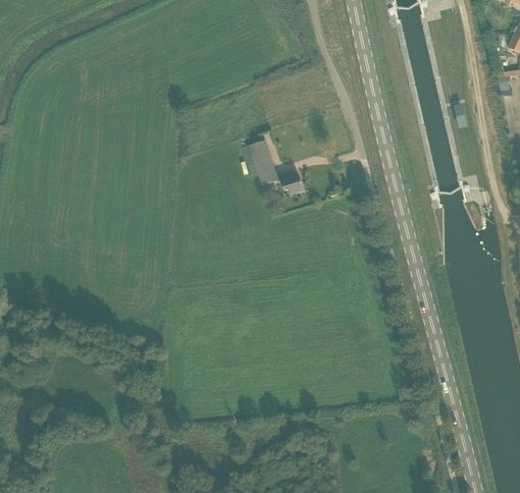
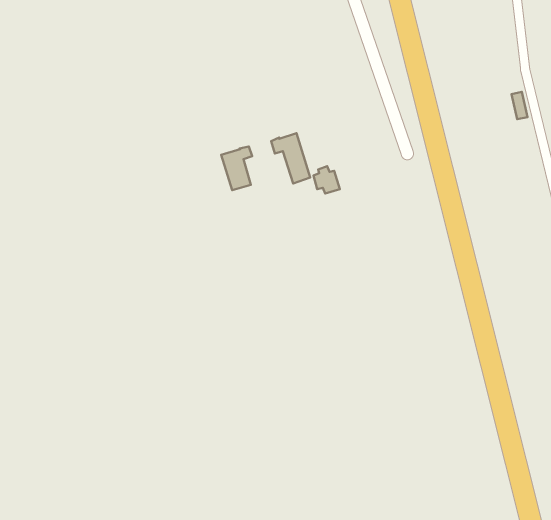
building: none -> [221,146,252,190]

